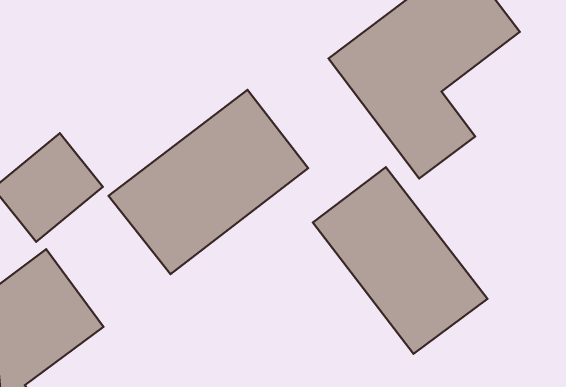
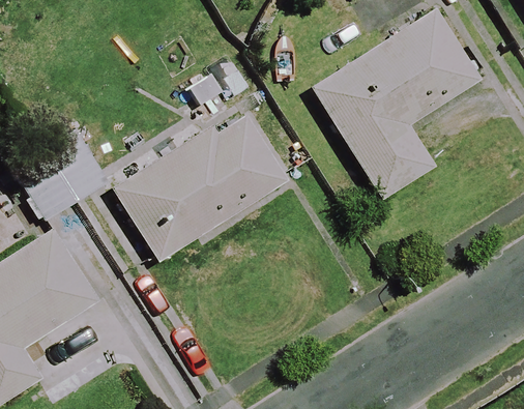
building: [313,167,488,354] -> none

